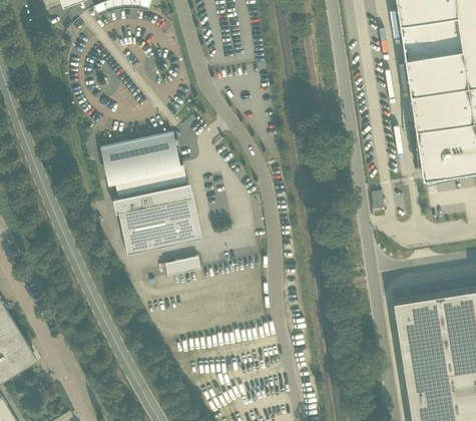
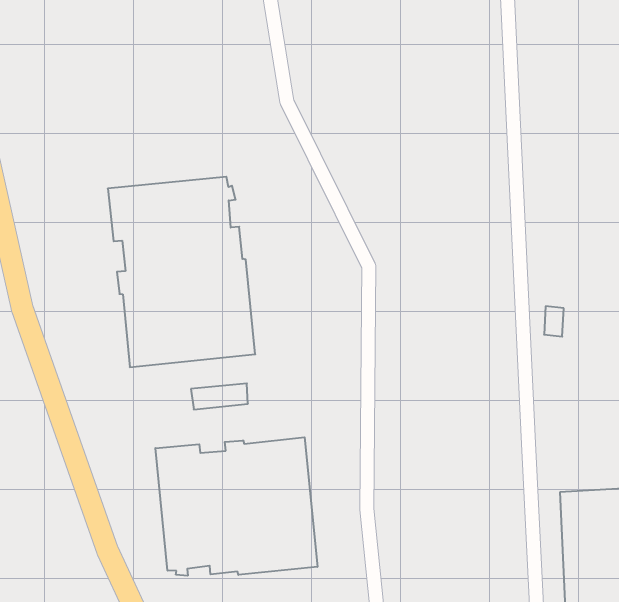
building: none -> [155,437,317,576]

